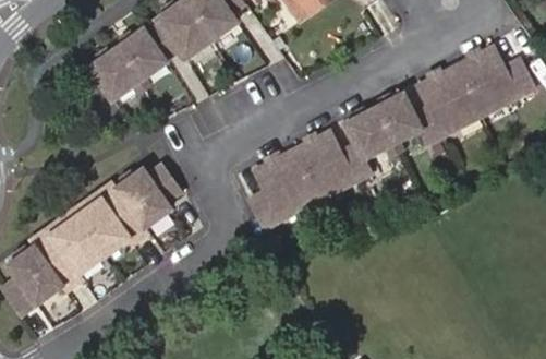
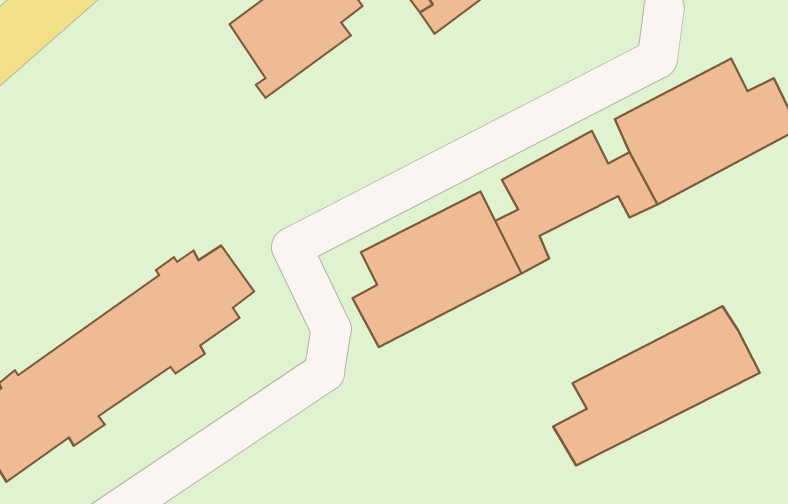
building: [86,16,185,107] -> none
building: none -> [553,306,760,466]

